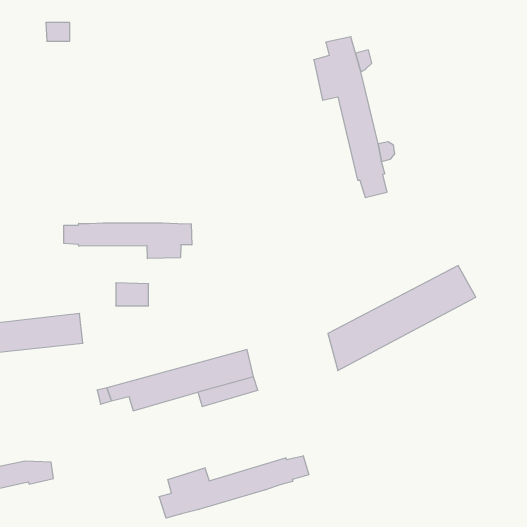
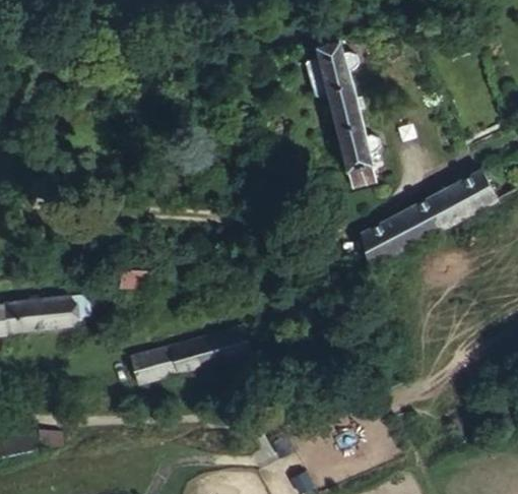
building: [64,223,192,259] -> none
building: [328,266,476,371] -> [361,169,498,266]
building: [159,456,309,518] -> none

